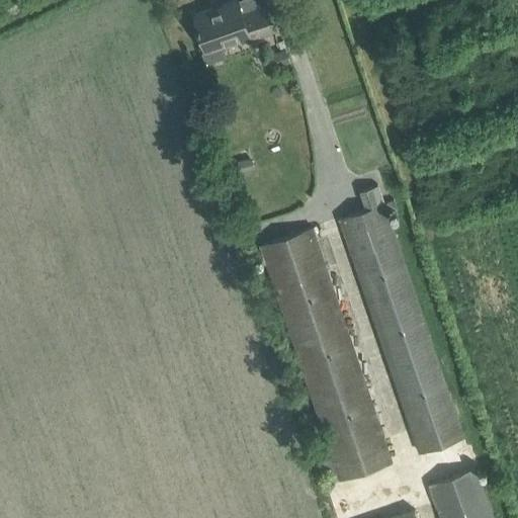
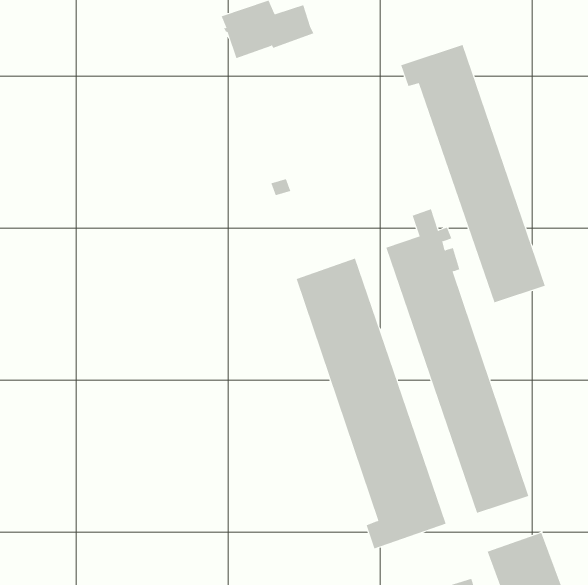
building: none -> [401,44,545,303]

